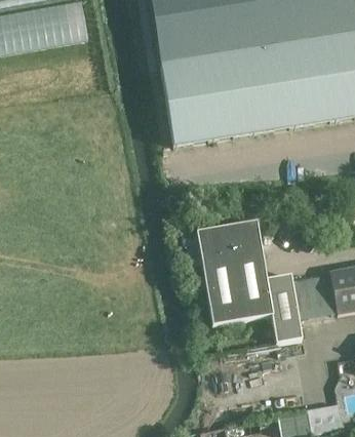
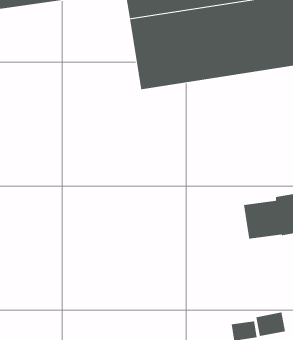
building: [175,221,302,344] -> none

